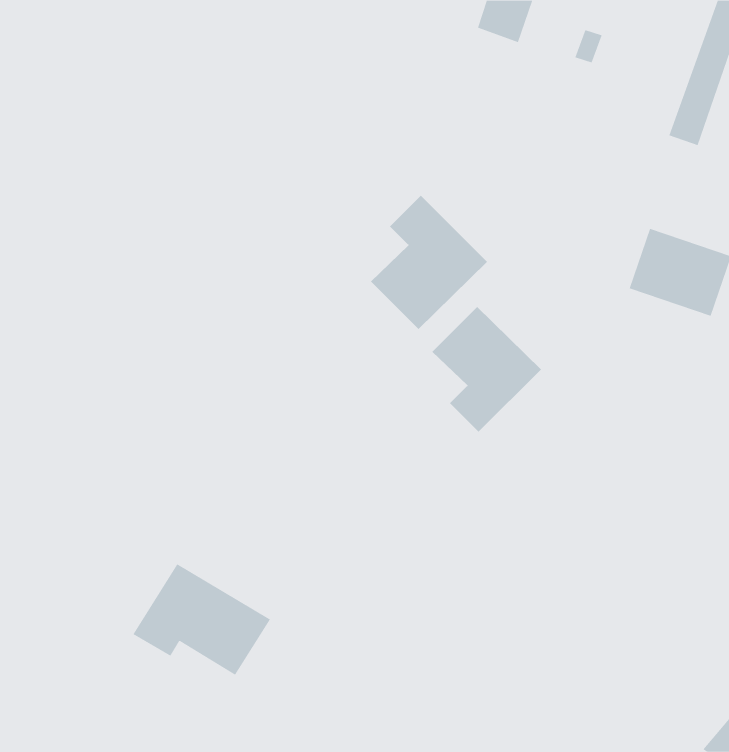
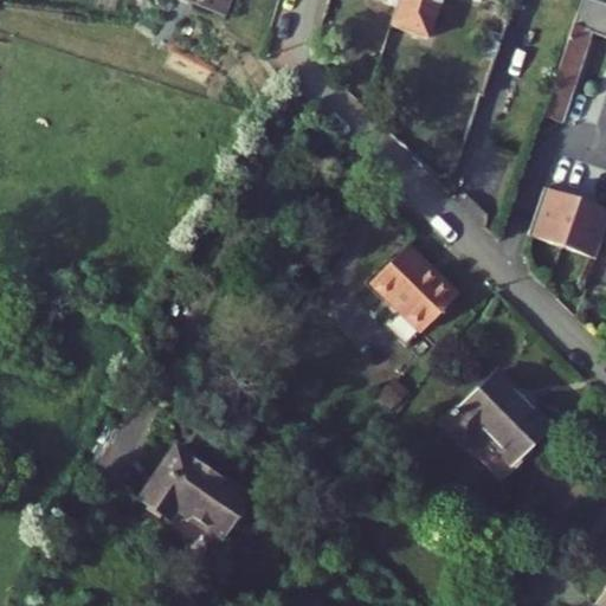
building: [370,195,488,330] -> none
building: none -> [437,369,546,463]

